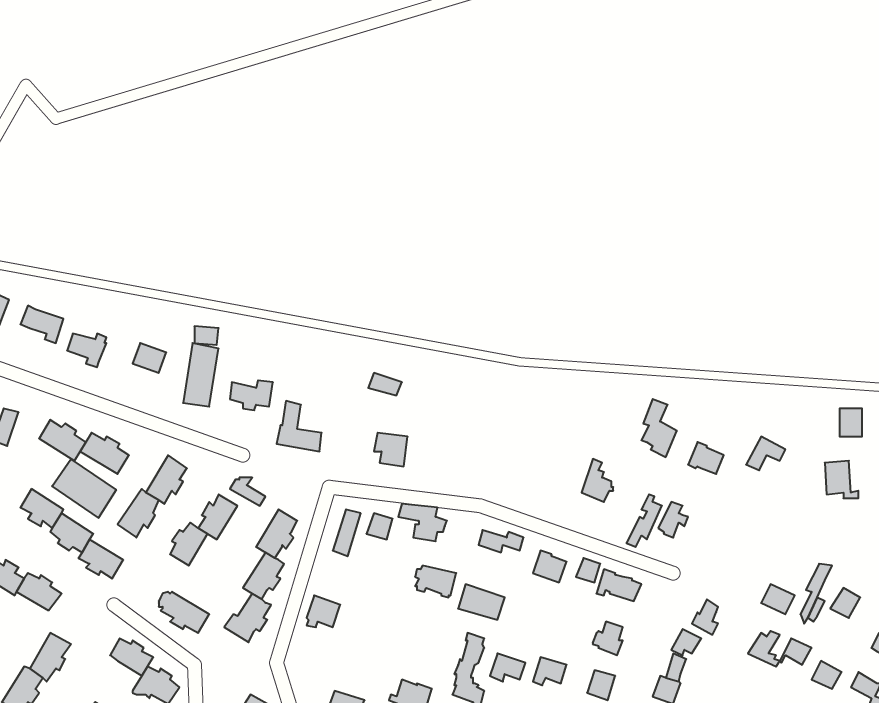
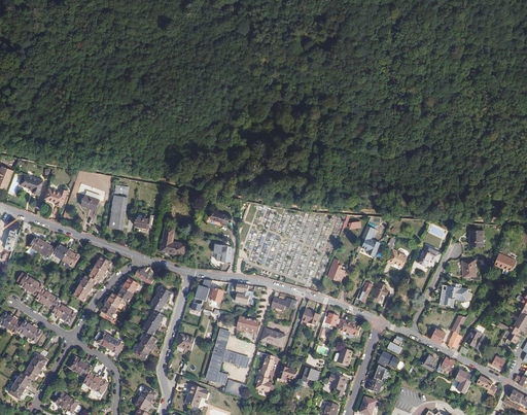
building: [52,459,116,518] -> none
building: none -> [441,282,471,305]
building: none -> [206,328,248,383]

